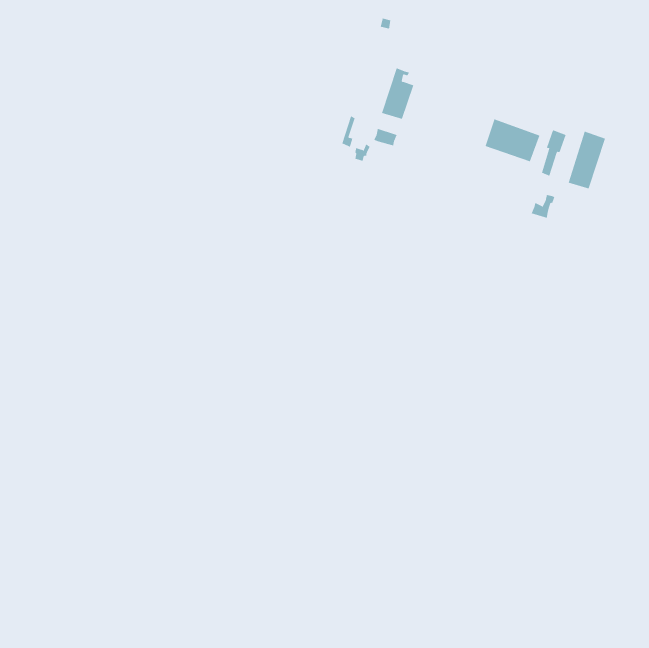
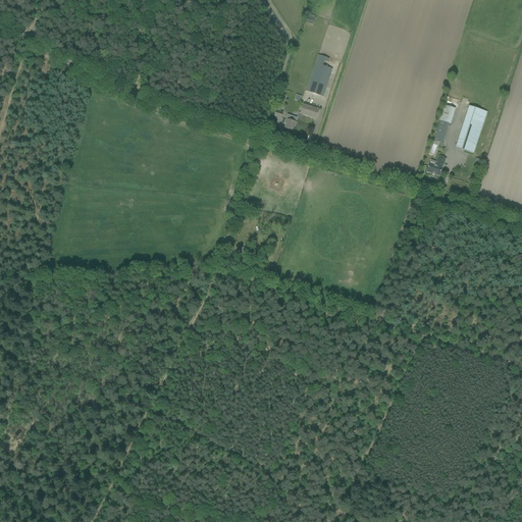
building: [485,119,540,162] -> none

